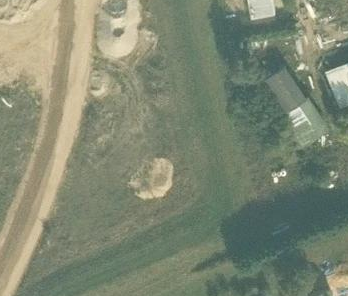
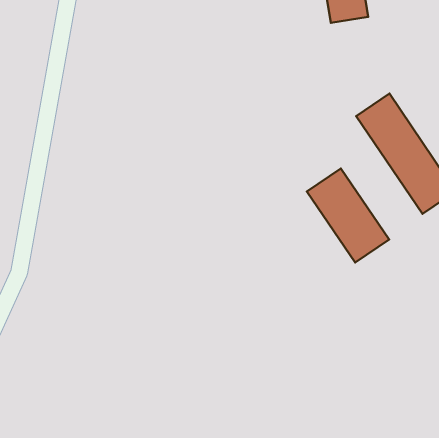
building: none -> [307,168,389,262]

